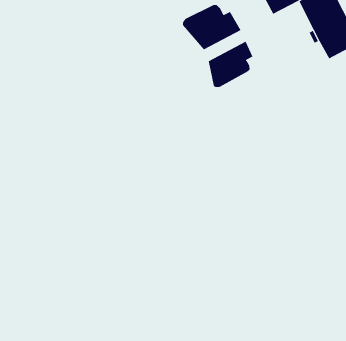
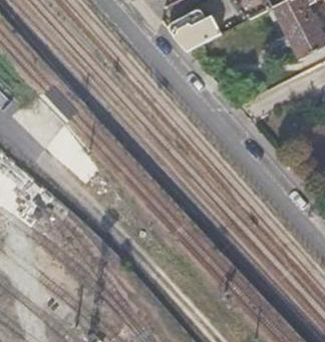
building: [208,41,253,88] -> none

